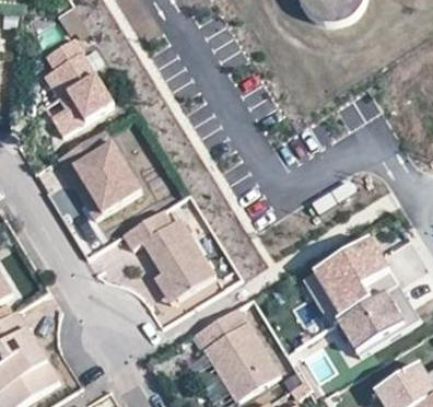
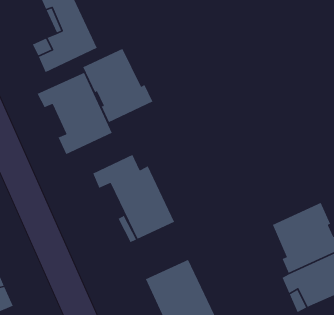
building: none -> [82,48,154,123]

